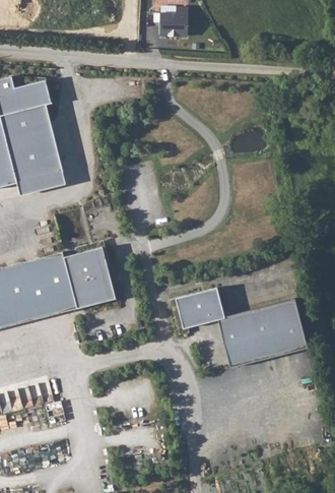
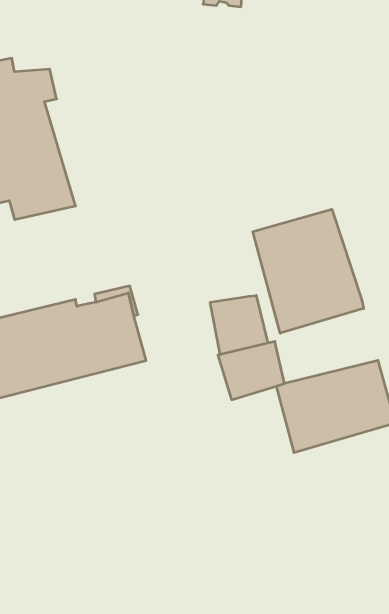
building: none -> [253,209,364,333]
building: none -> [210,295,268,355]

